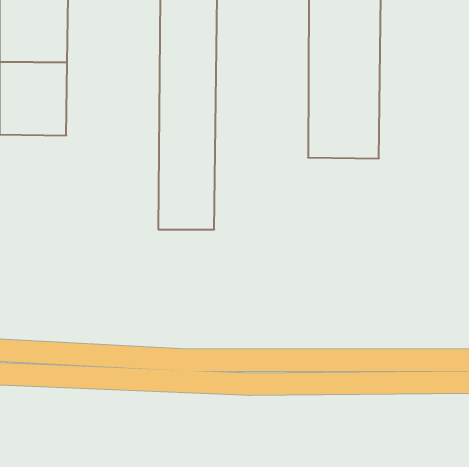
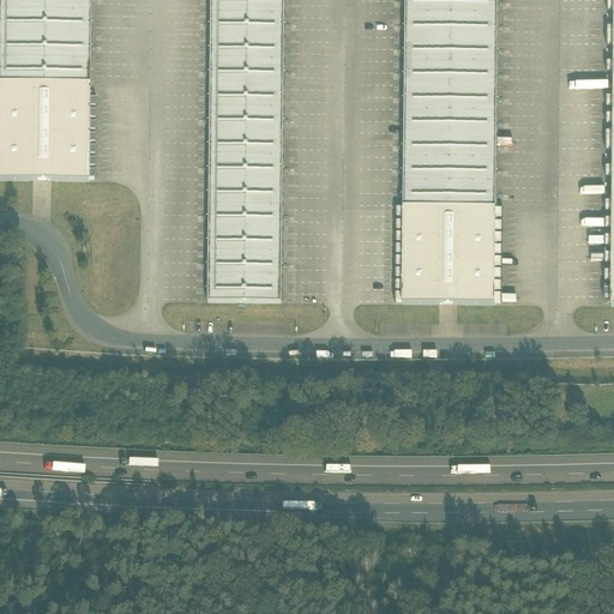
building: none -> [401,205,494,301]

